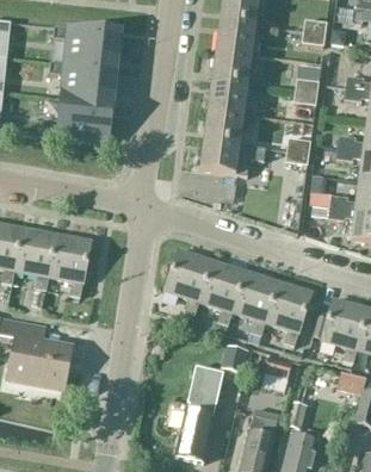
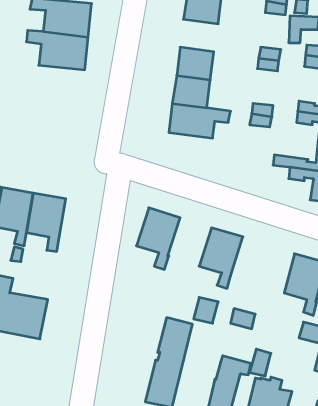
building: [212,49,253,83] -> none
building: [43,98,111,138] -> none
building: [199,260,246,324] -> none
building: [266,280,313,346] -> none

